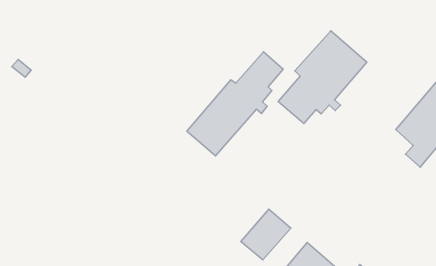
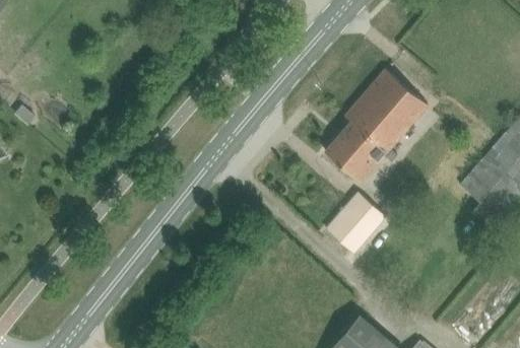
building: [187,52,283,156] -> none
building: [241,209,291,260] -> [327,193,385,252]

